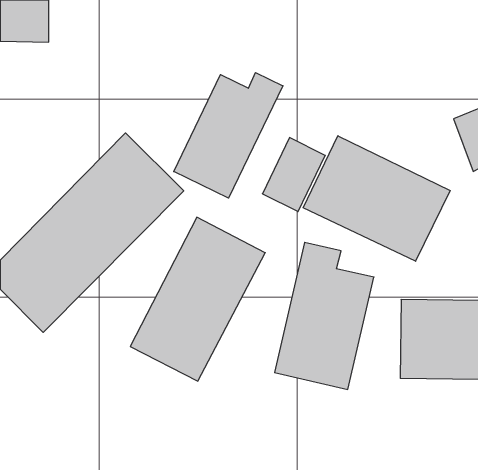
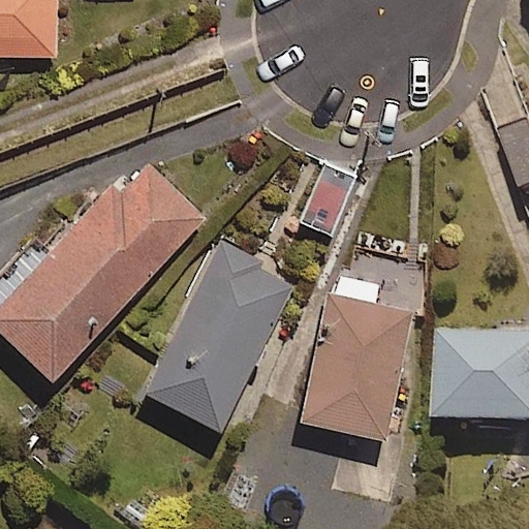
building: [174,73,283,198] -> none
building: [303,136,450,261] -> none

